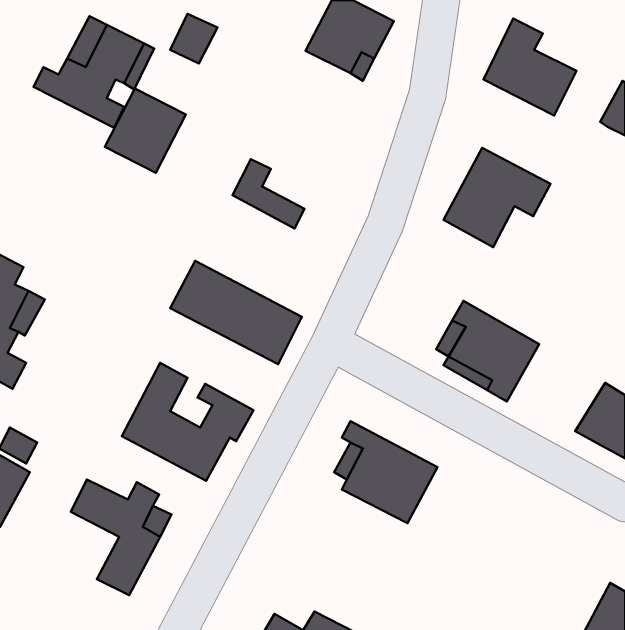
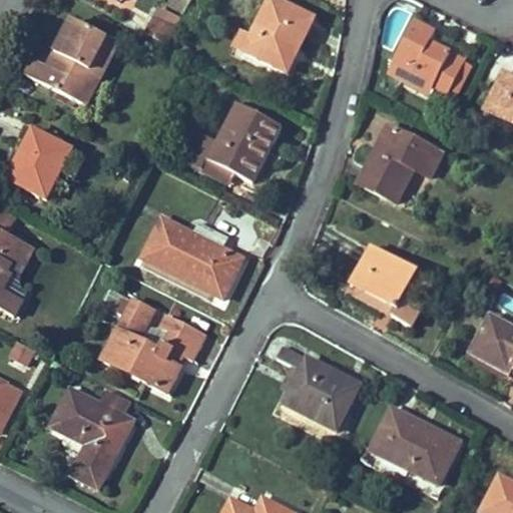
building: [105,88,186,173] -> [10,130,75,198]
building: none -> [211,100,285,178]
building: none -> [362,401,452,479]

